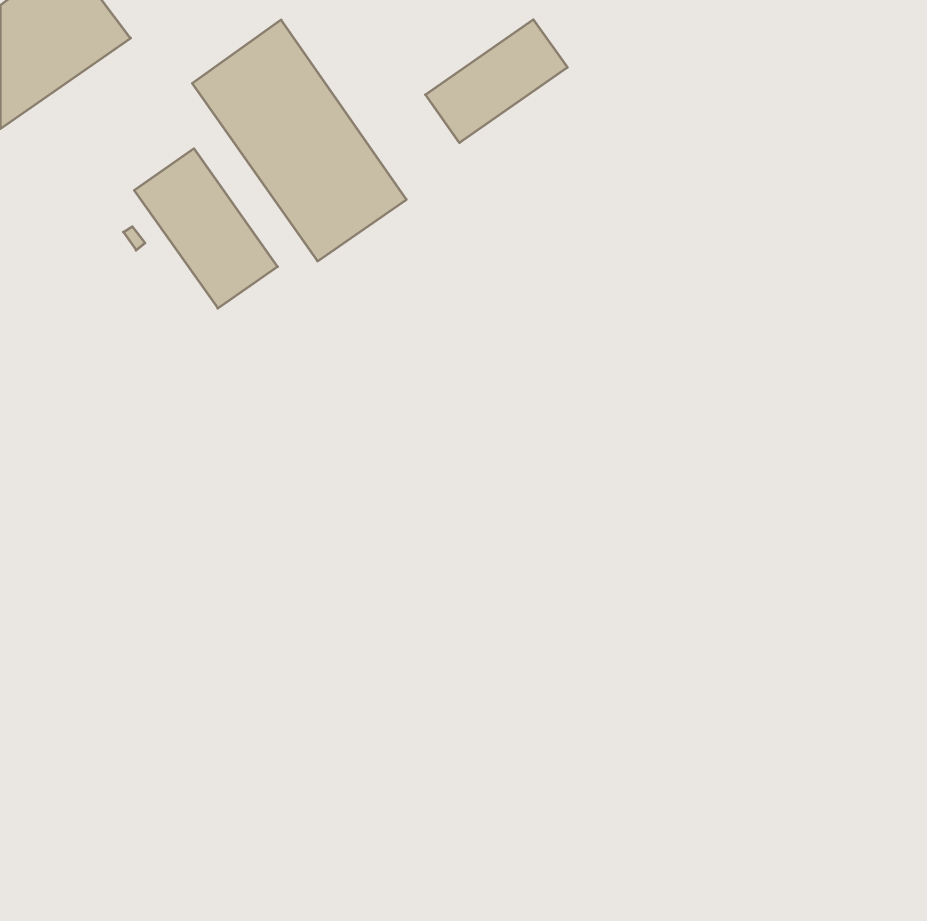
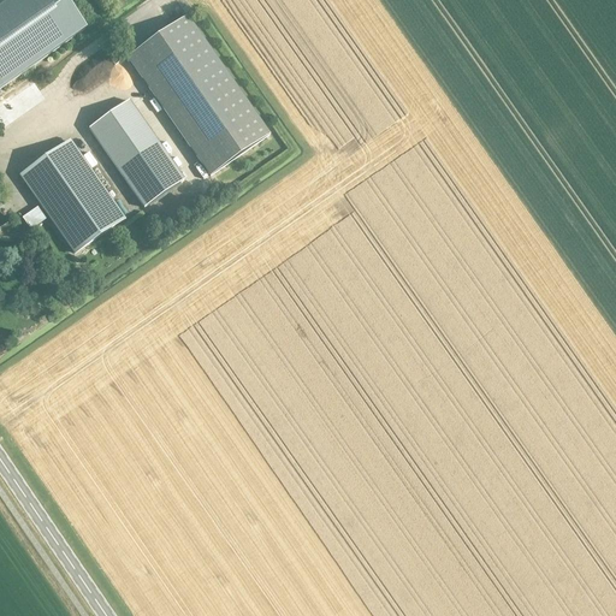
building: [425,20,567,143] -> none
building: none -> [22,140,123,250]

